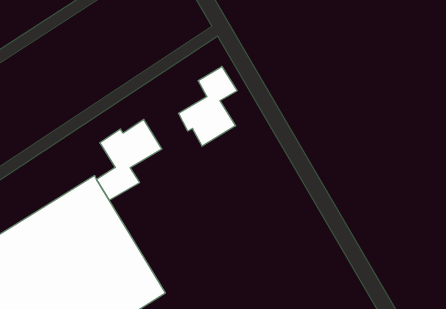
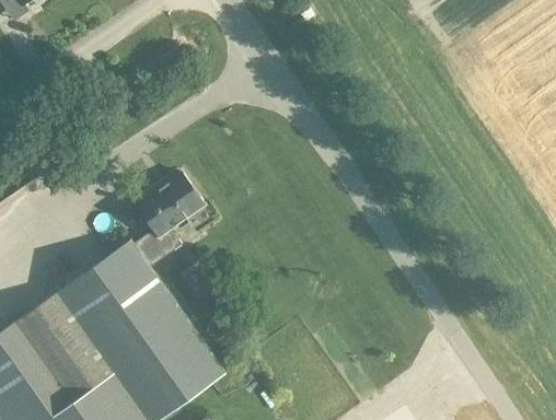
building: [178,66,237,146] -> none

